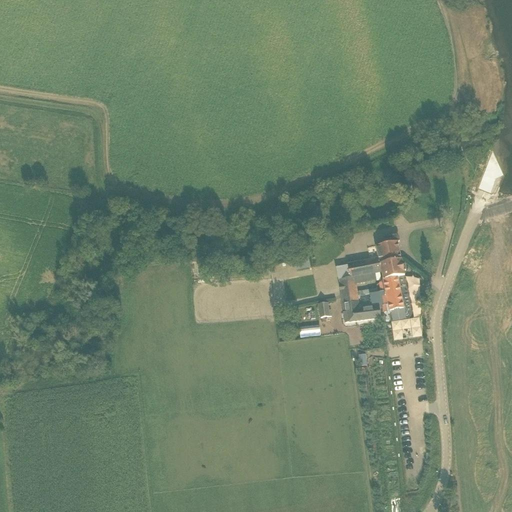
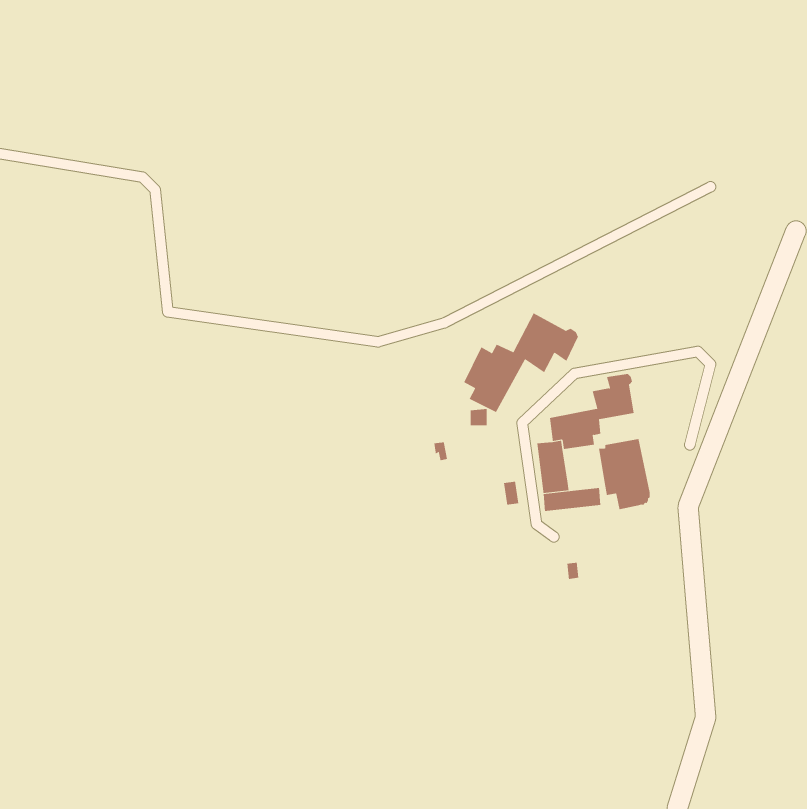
building: none -> [464,313,579,413]
building: [379,261,404,281] -> none

